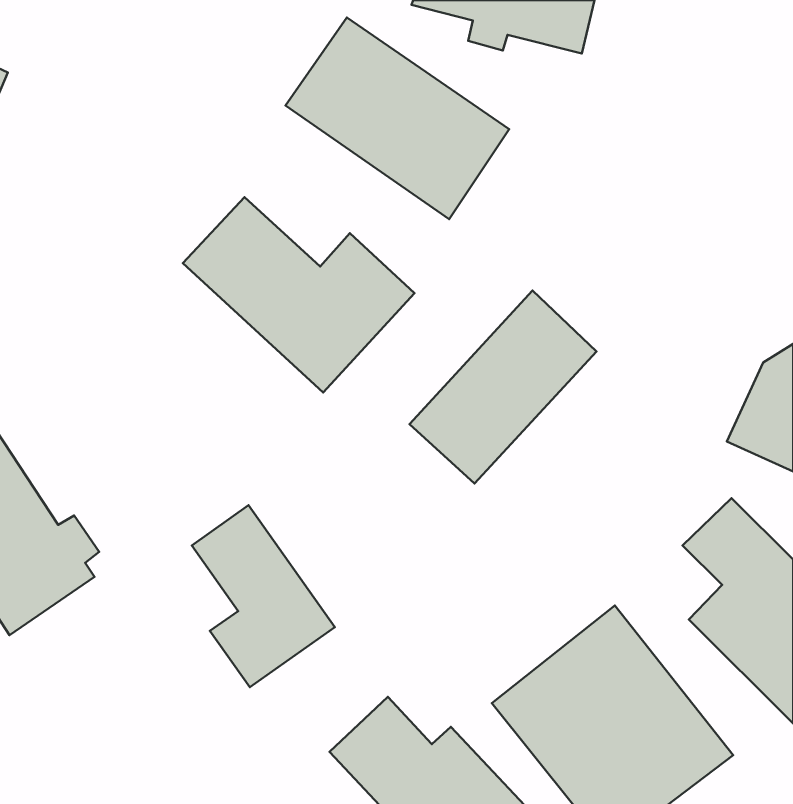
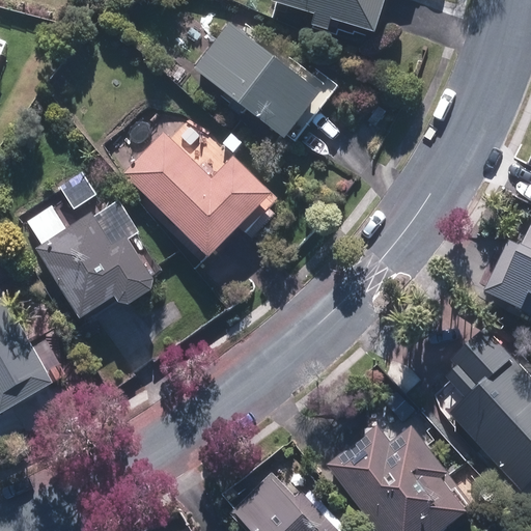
building: [410,290,596,483] -> none
building: none -> [21,202,157,320]
building: [192,505,335,687] -> none

